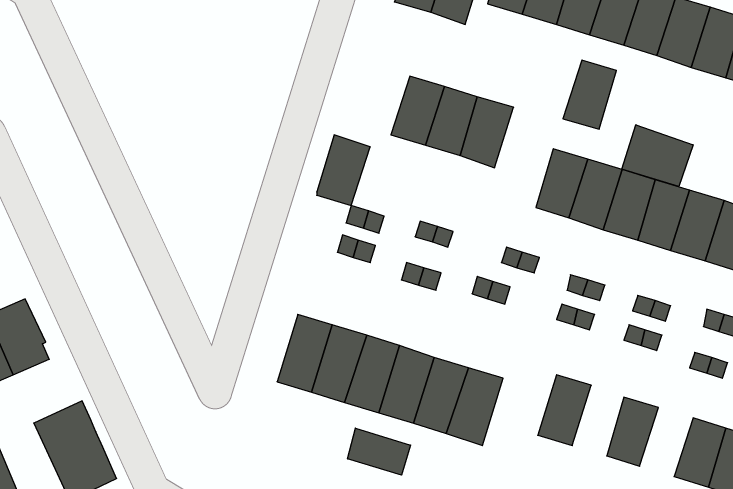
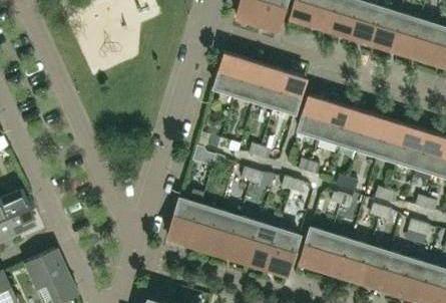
building: [563,60,616,129] -> [298,95,329,135]
building: [622,125,693,187] -> none
building: [317,135,370,206] -> [214,52,246,93]
building: none -> [300,227,331,268]
building: none -> [340,239,370,280]
building: none -> [379,252,410,292]
building: [348,428,411,475] -> none

